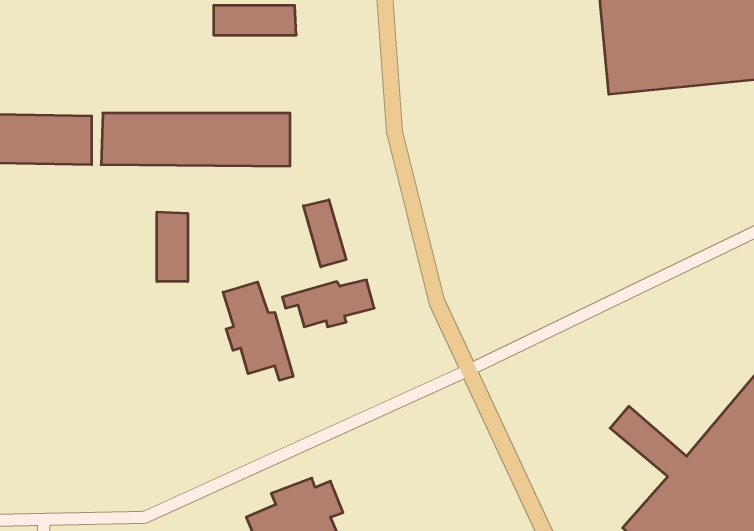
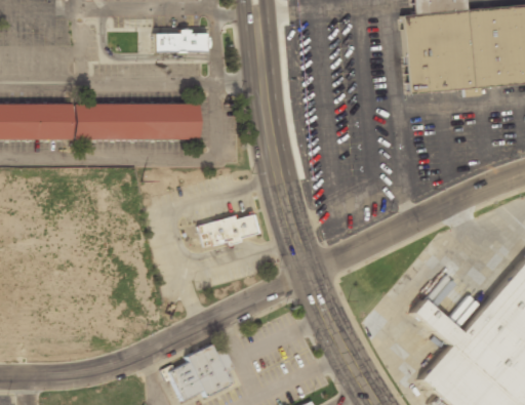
building: [303,200,346,267] -> none
building: [157,212,188,282] -> none
building: [223,282,293,380] -> none

